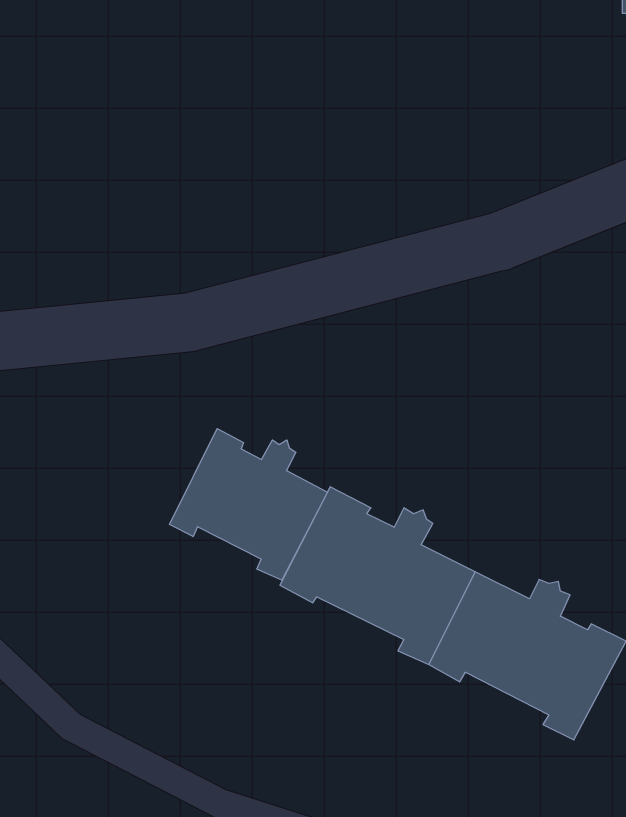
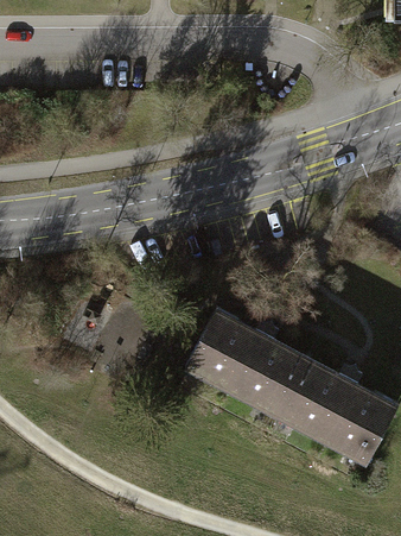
building: [170,429,327,580] -> none

